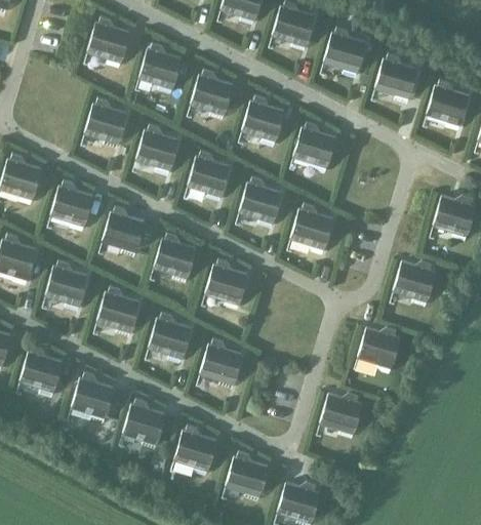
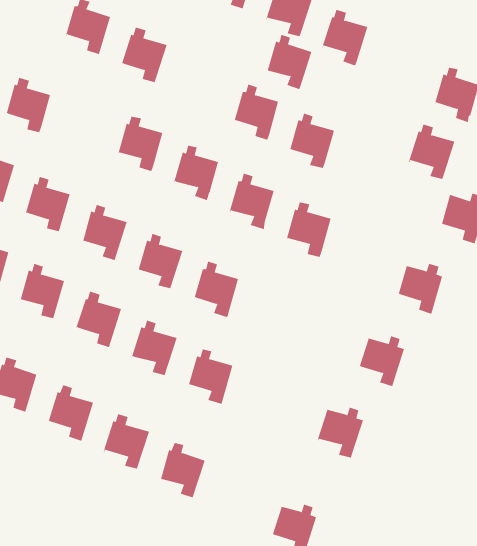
building: [374,53,417,105] -> [408,124,455,179]
building: [191,70,233,121] -> [266,34,312,90]
building: [84,98,126,150] -> [5,77,51,133]
building: [226,449,272,504] -> none

